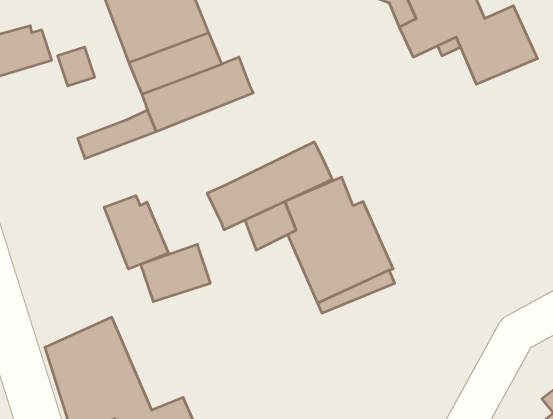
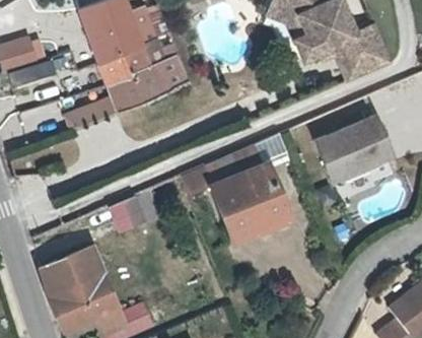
building: none -> [319,116,395,182]
building: [207,142,332,230] -> none
building: [104,196,168,269] -> none

